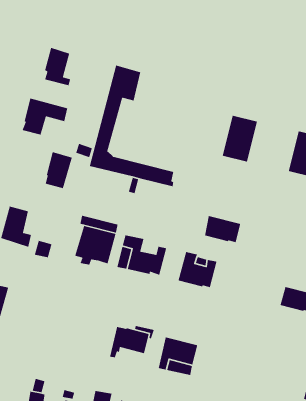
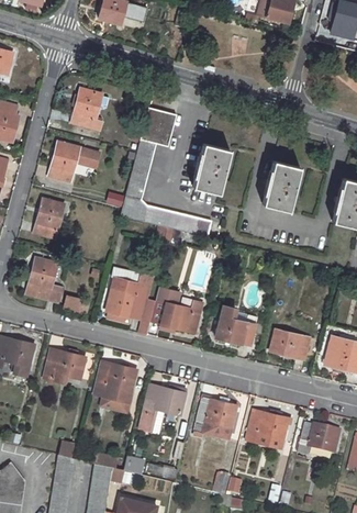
building: none -> [193,144,230,193]
building: [45,151,73,189] -> [35,198,65,238]
building: [204,215,241,243] -> [270,328,310,358]
building: none -> [44,349,87,382]
building: none -> [96,364,137,404]
building: none -> [247,410,288,448]
building: none -> [298,423,339,455]

